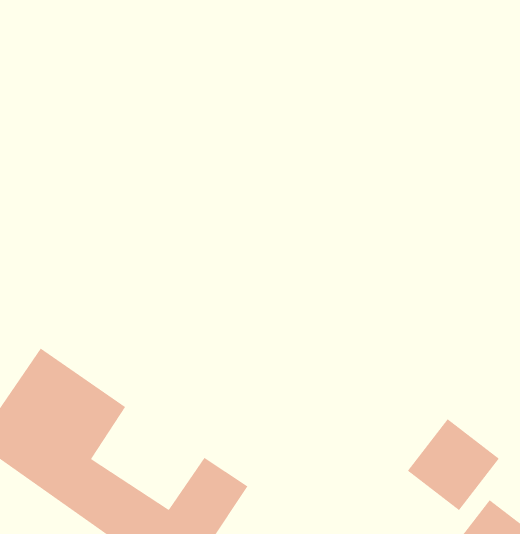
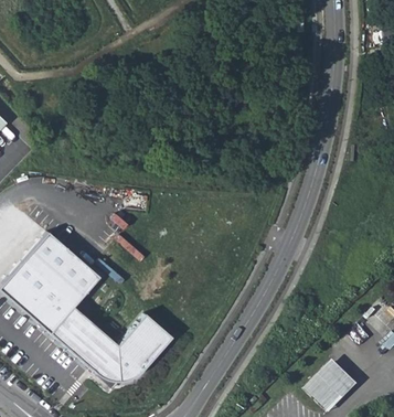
building: [407,418,500,511] -> none

